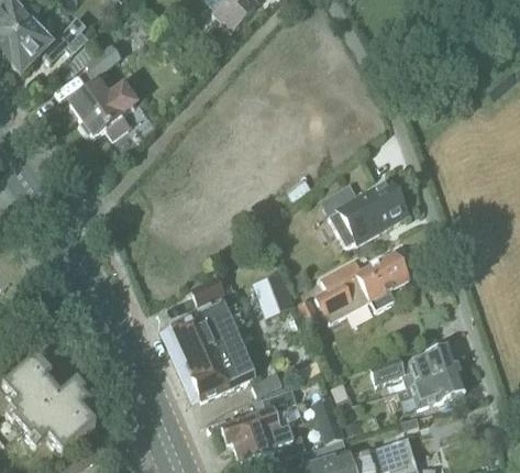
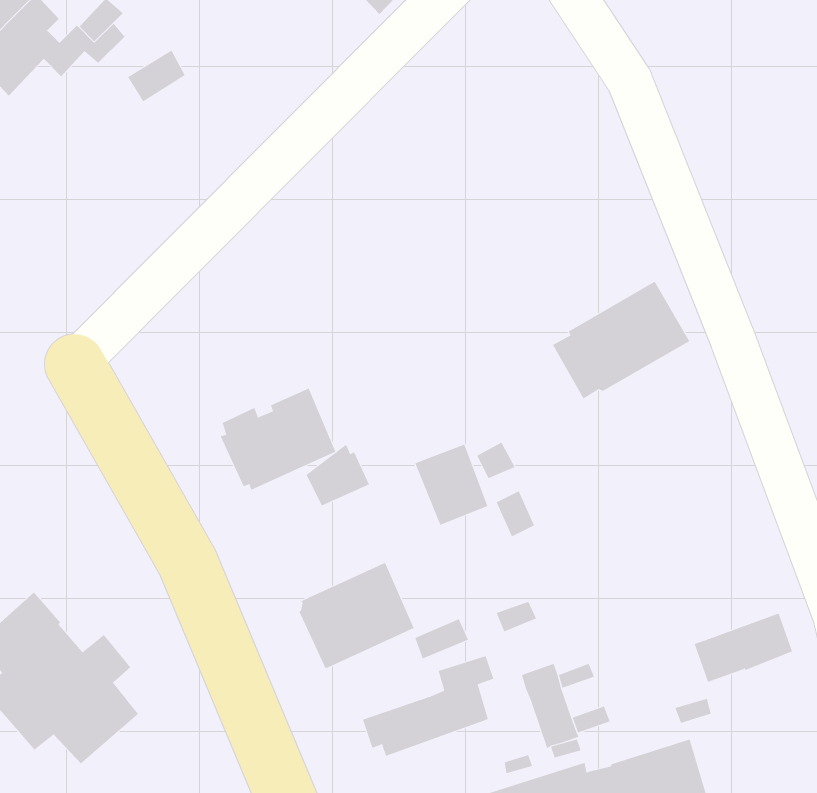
building: [68,82,135,138] -> none
building: [314,252,408,322] -> none
building: [168,302,234,361] -> [220,388,336,491]
building: [368,345,457,384] -> none
building: [234,426,305,464] -> none

